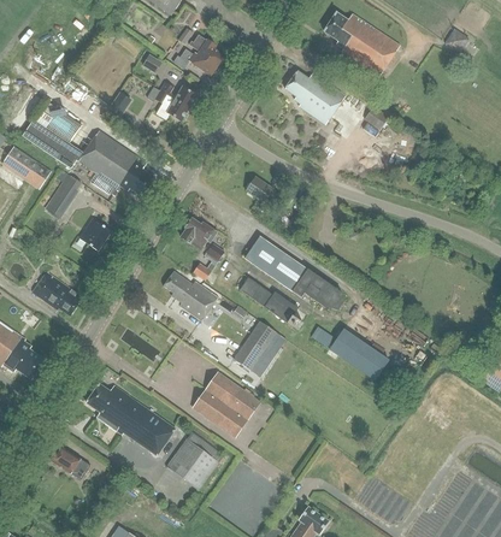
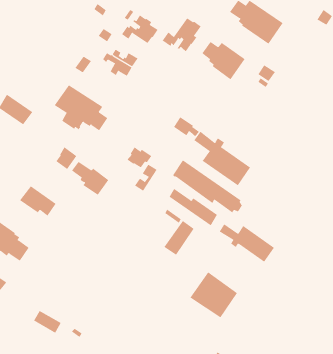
building: none -> [162,17,201,52]
building: [22,101,82,169] -> none
building: [43,173,79,217] -> none
building: none -> [194,131,251,186]
building: [164,271,217,319] -> [71,161,109,196]
building: [194,371,261,436] -> [190,272,238,318]
building: [86,384,175,455] -> none
building: [165,438,218,490] -> none

